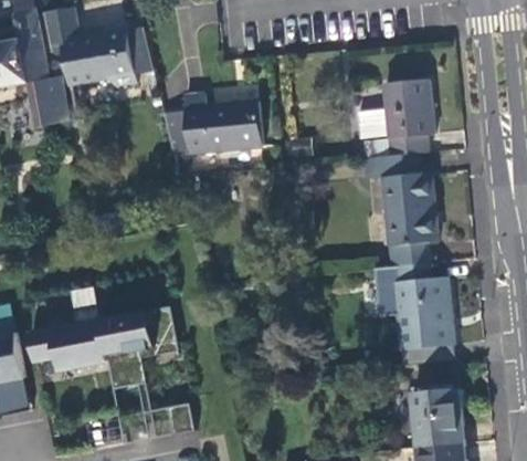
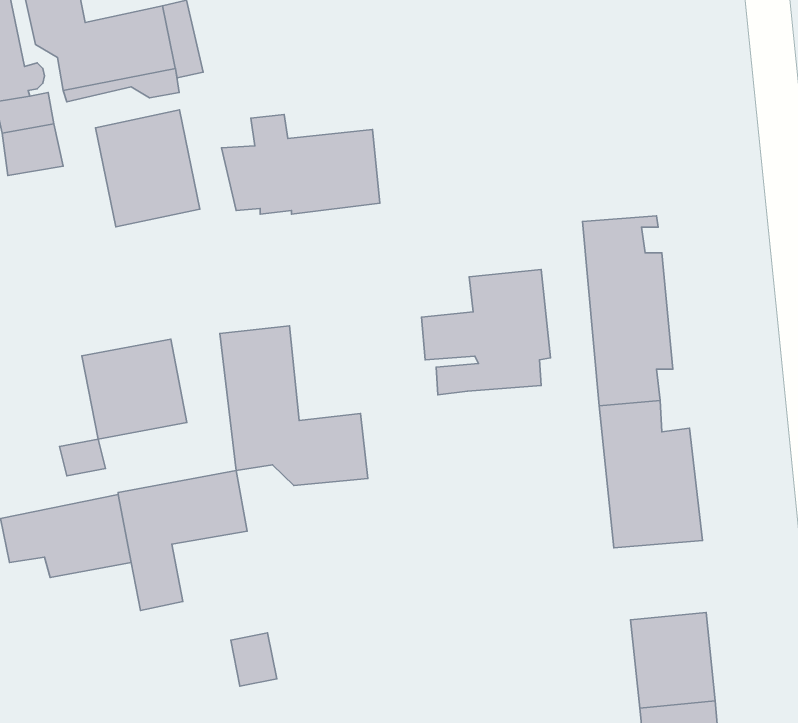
building: [354,83,431,158] -> [421,269,550,395]
building: none -> [96,110,200,227]
building: none -> [220,326,368,486]
building: none -> [82,339,187,439]

